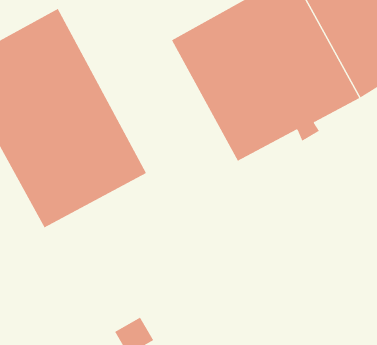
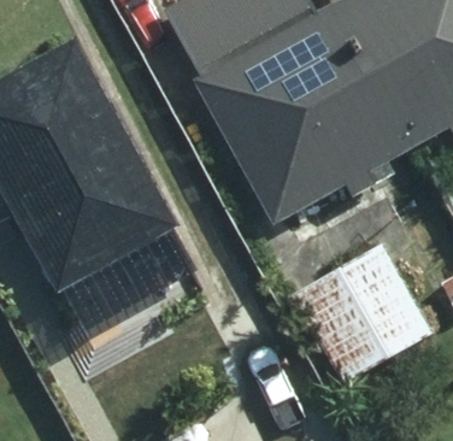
building: none -> [298,247,431,380]

